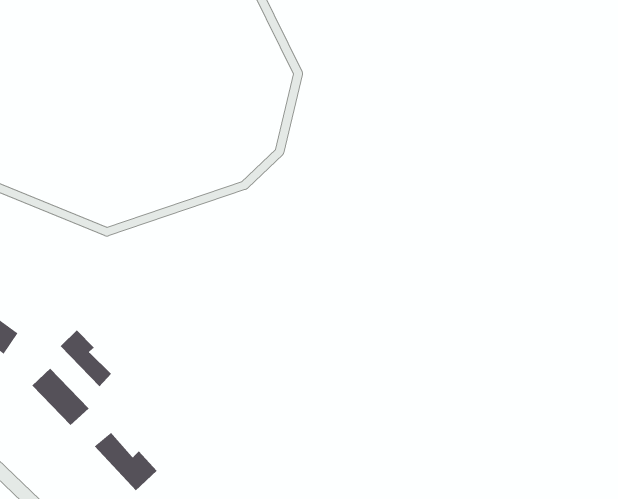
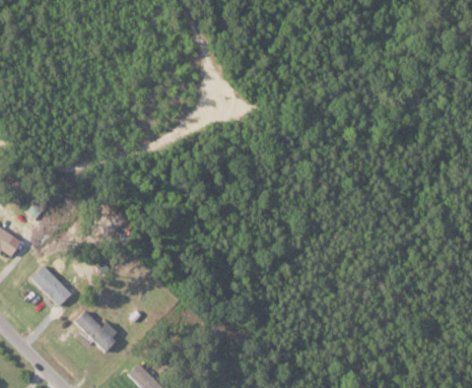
building: [60,329,112,387] -> none

